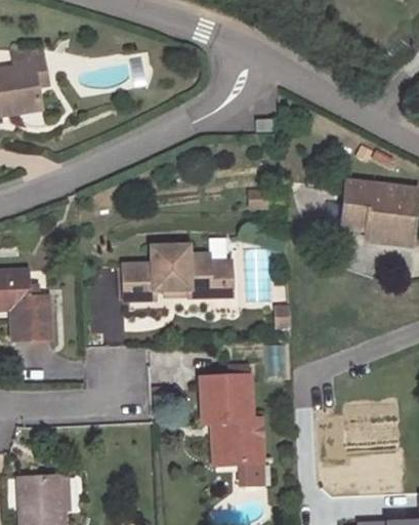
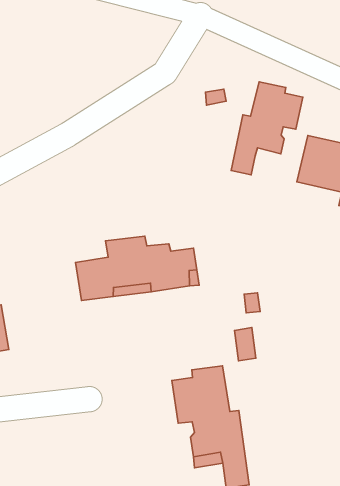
building: none -> [231,82,303,175]

